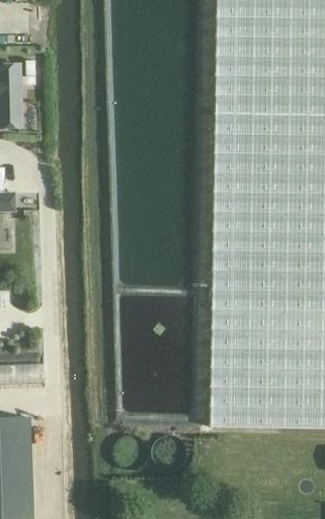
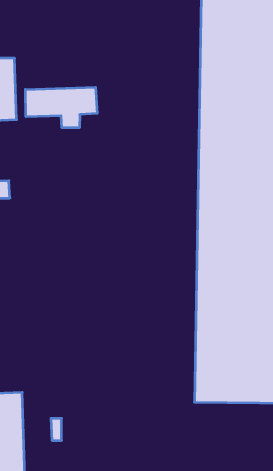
building: none -> [25,87,97,128]

